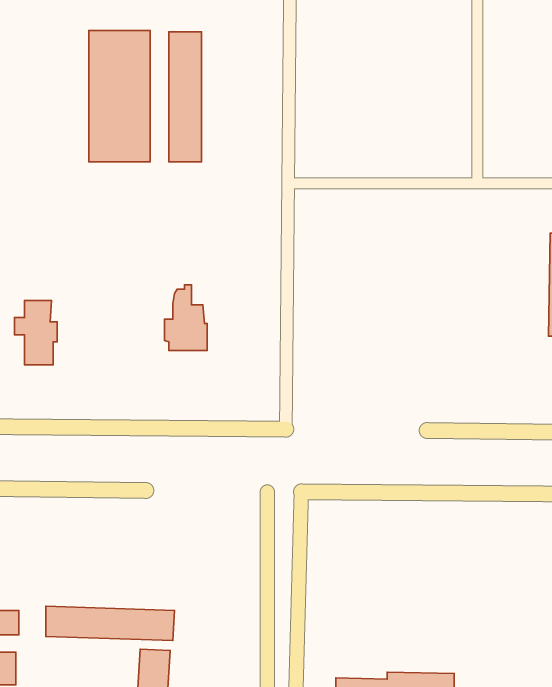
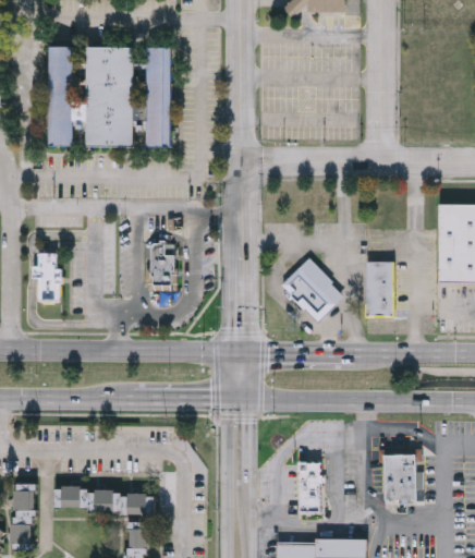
building: none -> [48,48,73,148]
building: none -> [279,258,340,319]
building: none -> [366,260,391,314]
building: none -> [383,457,415,501]
building: none -> [295,461,319,510]

